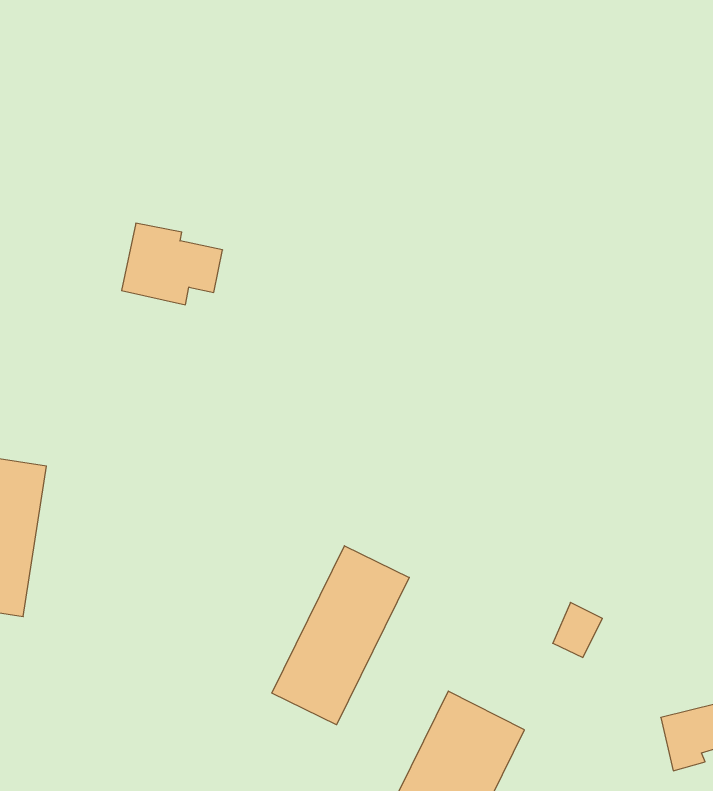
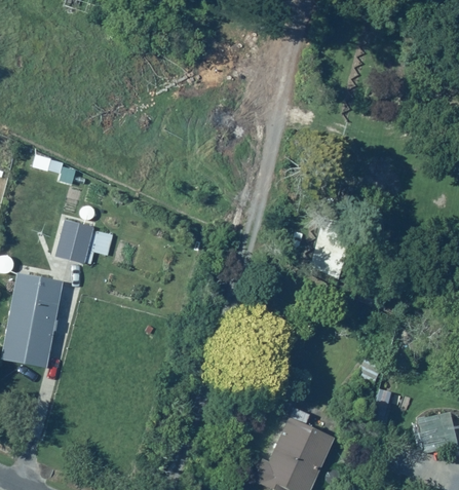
building: [122,223,223,305] -> [54,216,113,263]
building: [272,546,409,725] -> none

